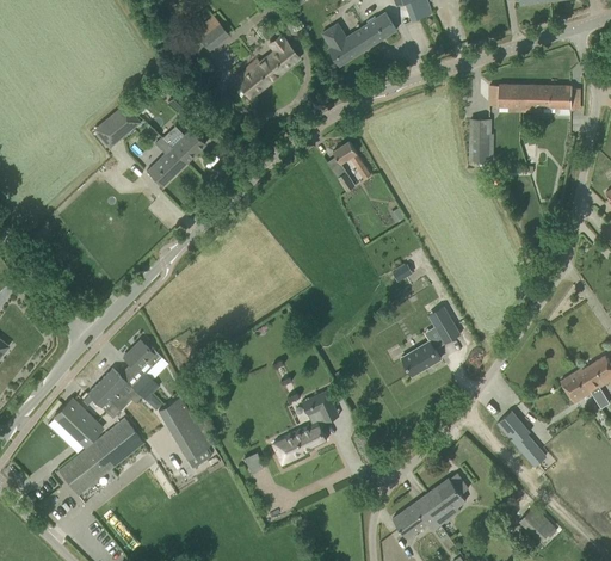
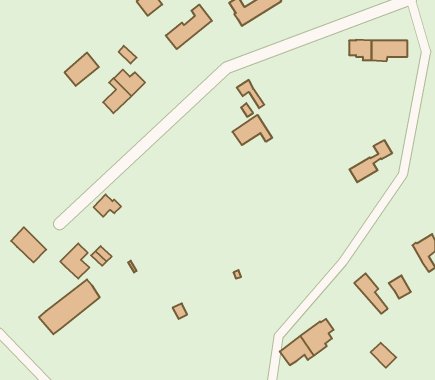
building: [473,119,494,160] -> none
building: none -> [232,115,272,145]
building: [401,316,461,375] -> [349,140,392,182]
building: [123,339,161,370] -> [94,194,121,217]
building: [560,370,591,402] -> [389,275,411,299]
building: [273,389,333,463] -> none
building: [54,397,103,446] -> [11,227,46,262]
building: [158,397,209,458] -> none

